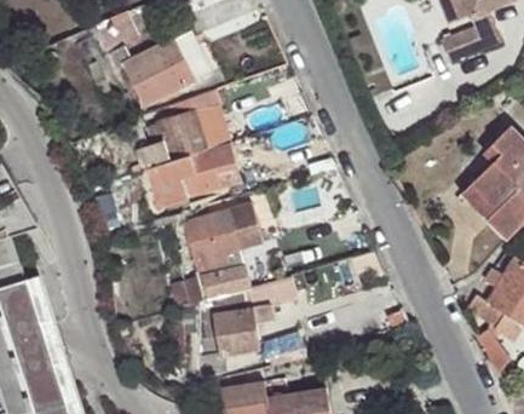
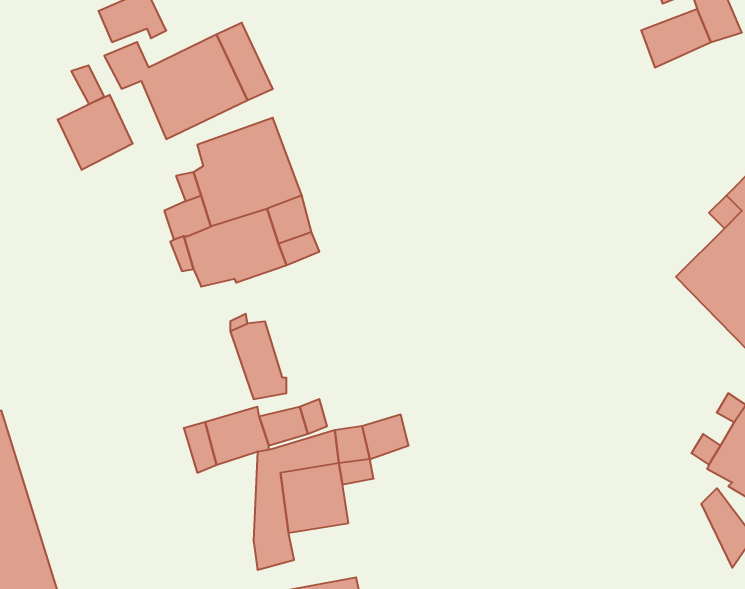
building: none -> [58,95,133,170]
building: [205,209,253,257] -> none

